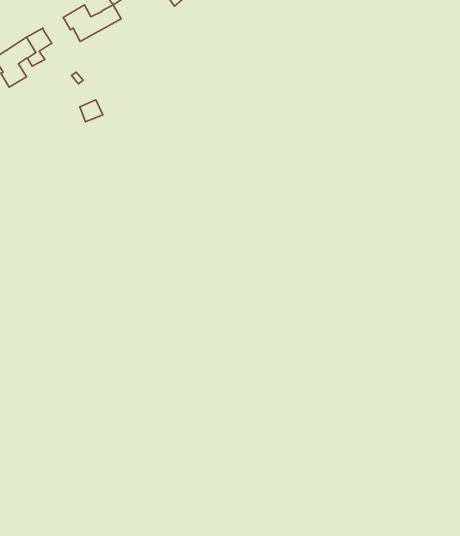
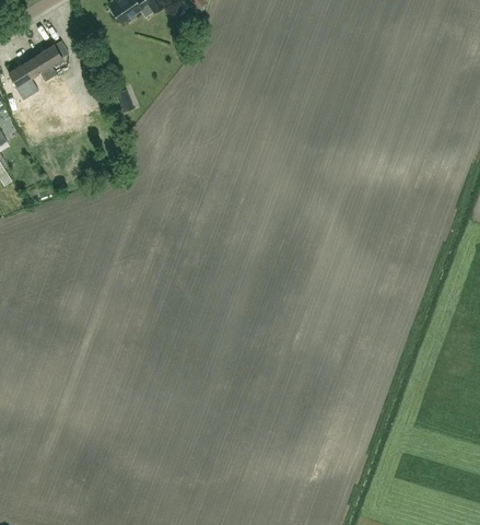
building: [63,5,121,41] -> none

